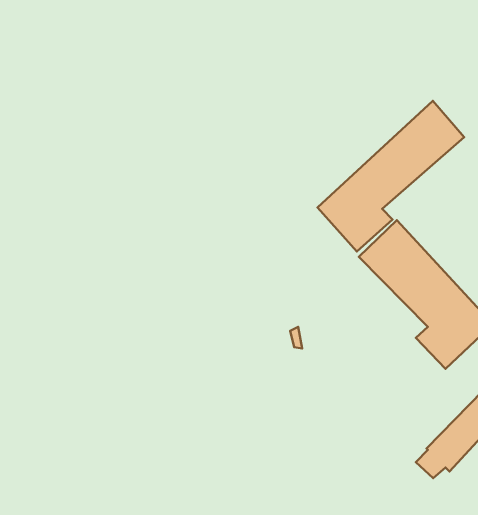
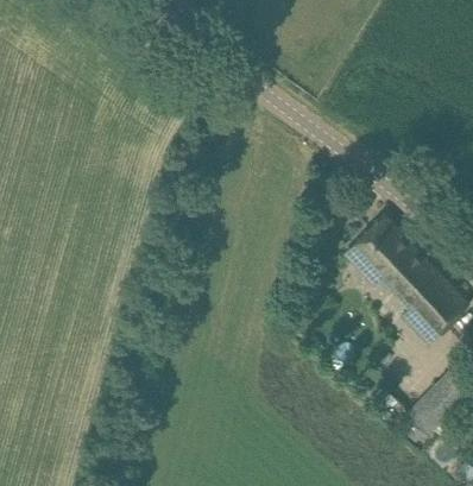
building: [317,101,464,251] -> none

